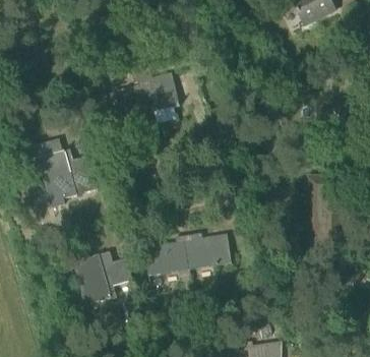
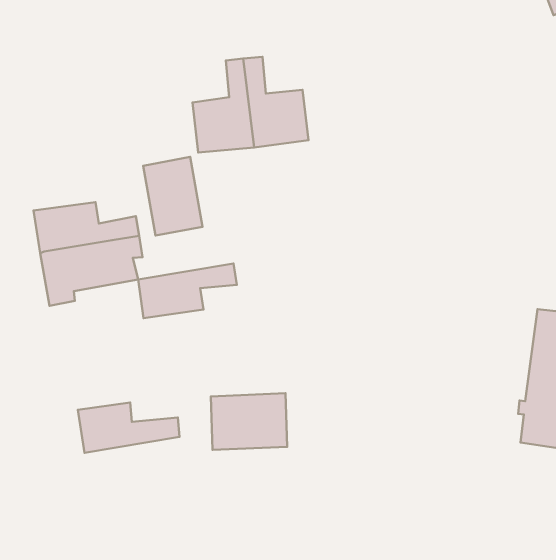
building: none -> [143,157,203,236]
building: [182,234,231,269] -> none
building: [78,270,131,304] -> [138,263,237,318]

